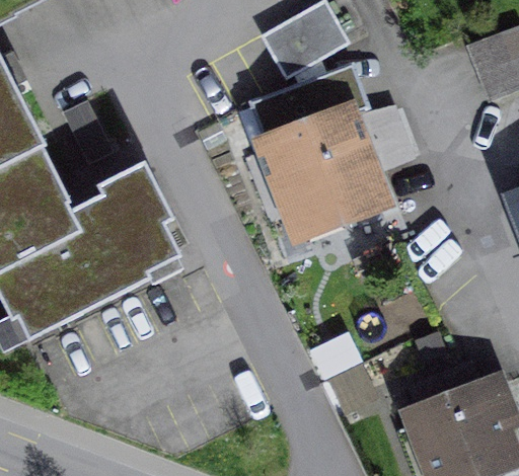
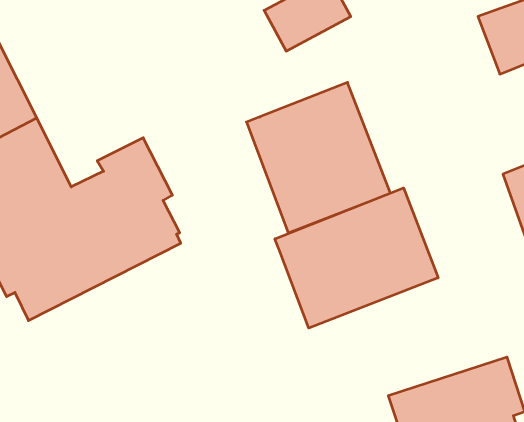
building: [245,60,357,138] -> none
building: none -> [275,188,438,328]

